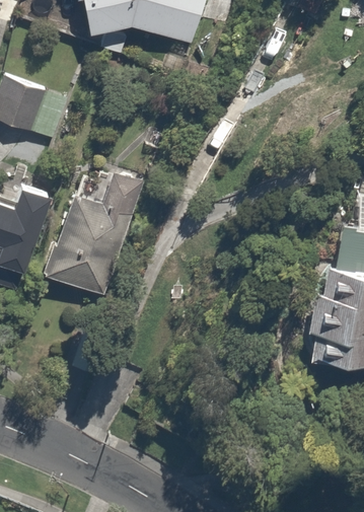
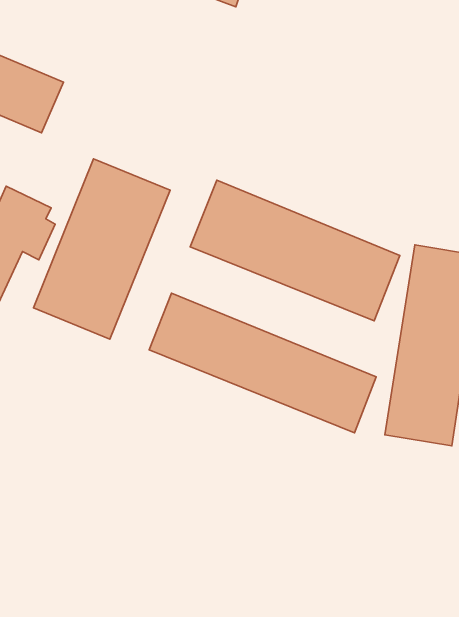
building: none -> [190,180,400,321]
building: none -> [149,293,376,433]

